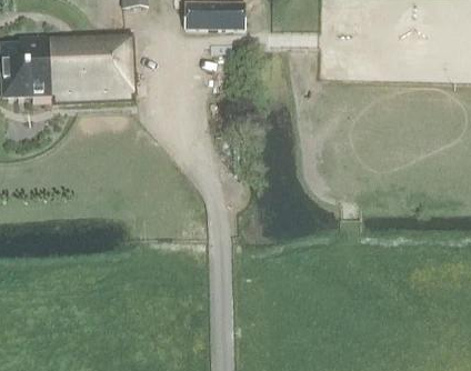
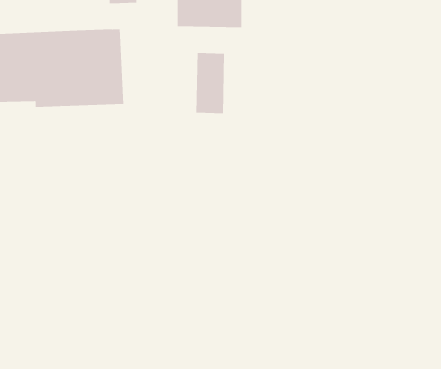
building: none -> [196,52,225,114]

